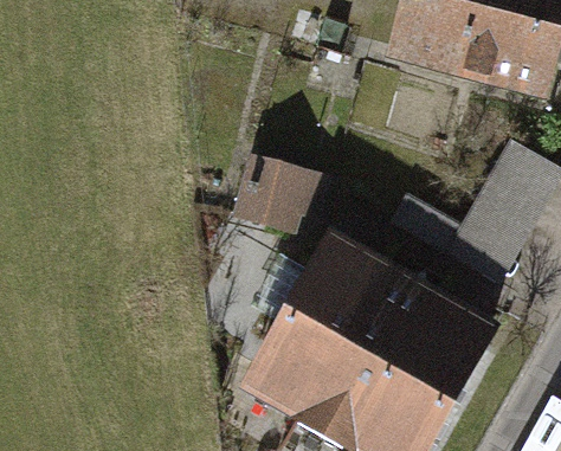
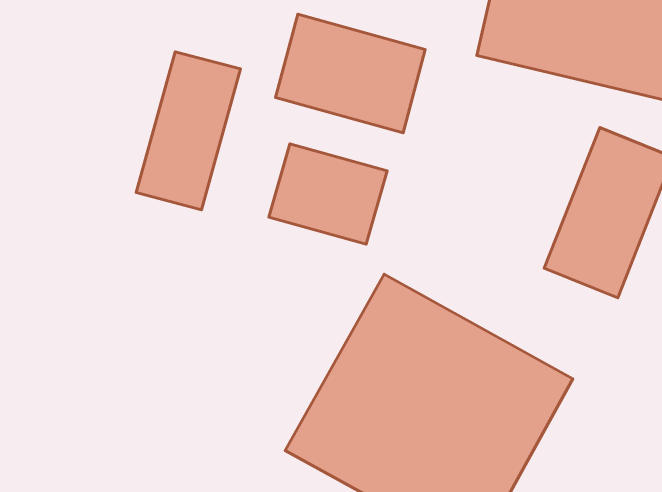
building: none -> [275,14,425,133]
building: none -> [136,52,241,210]

